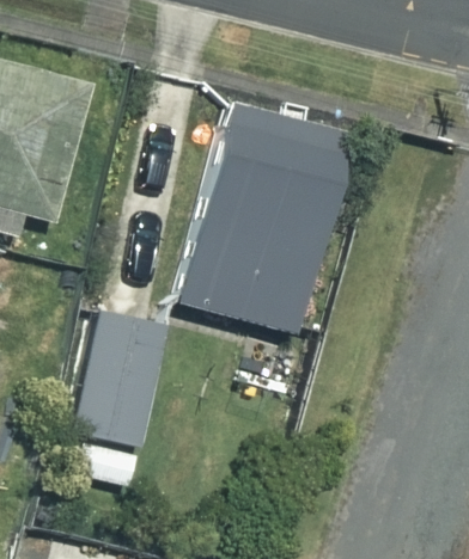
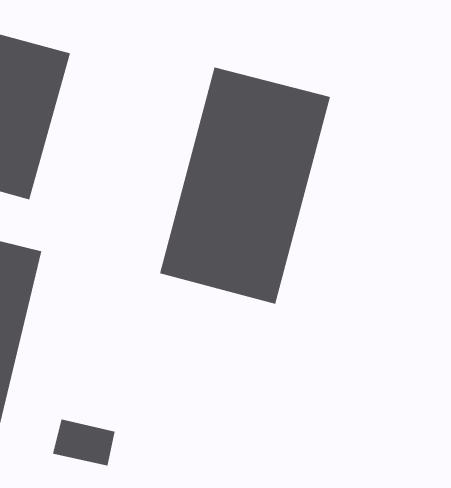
building: [73,309,164,444] -> none

